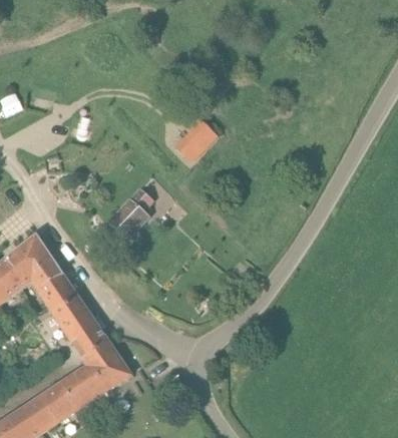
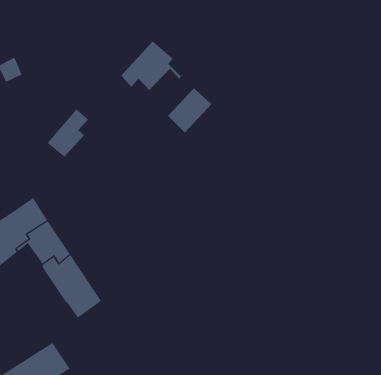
building: none -> [121,41,182,91]
building: [109,187,152,238] -> [47,109,89,158]
building: [57,341,135,410] -> none

